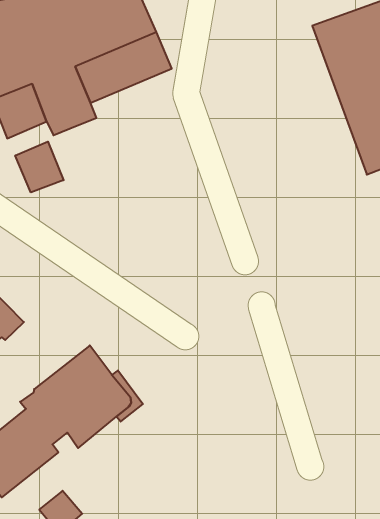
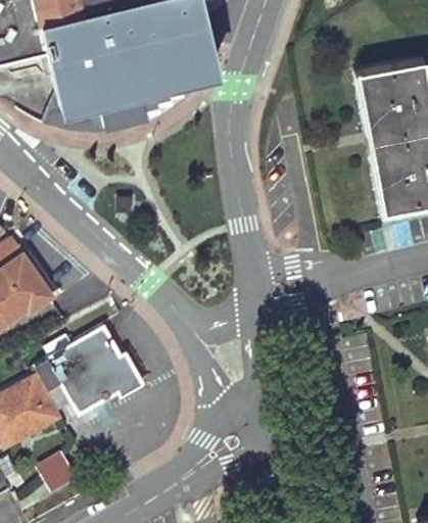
building: [15,142,64,192] -> none

